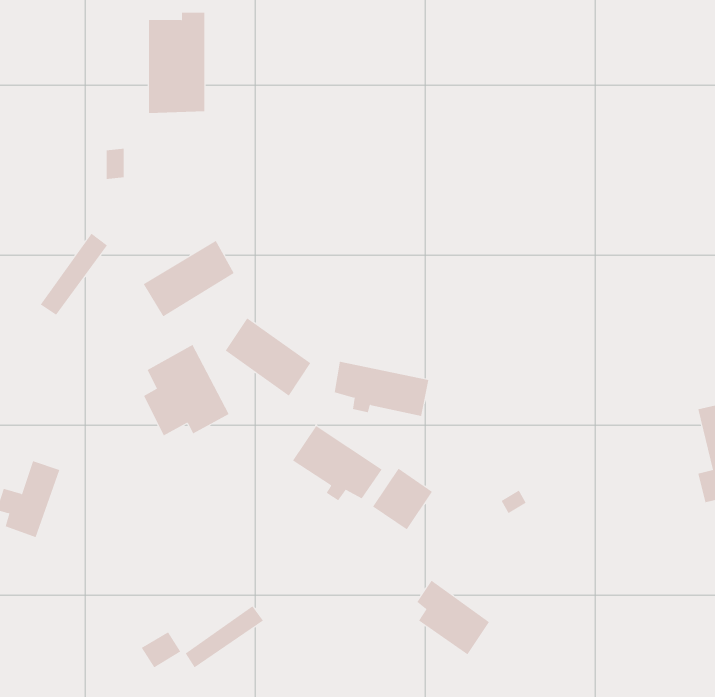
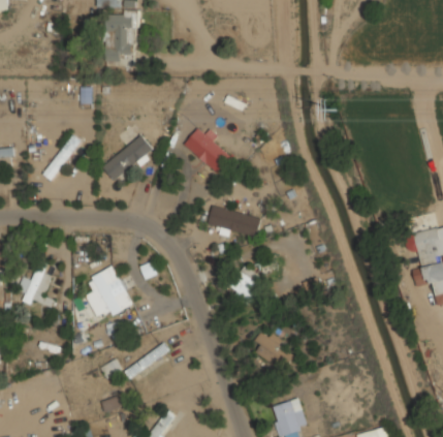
building: [225,317,311,396] -> [183,128,231,173]
building: [143,344,230,436] -> [84,266,132,317]
building: [292,425,383,501] -> none

